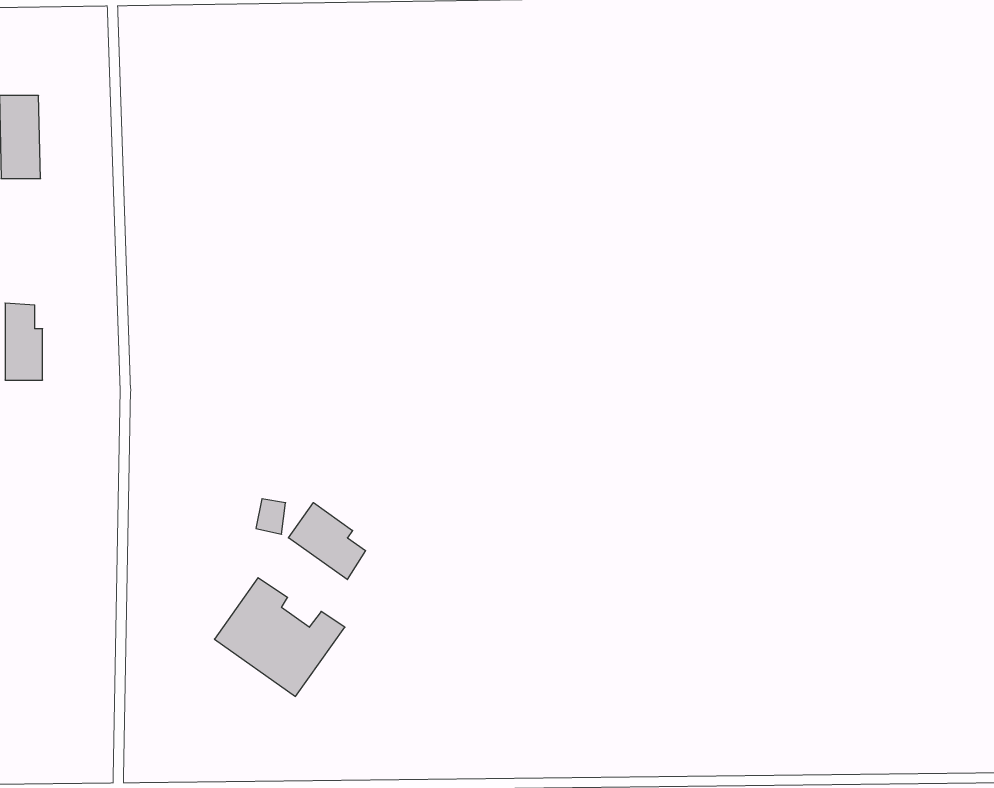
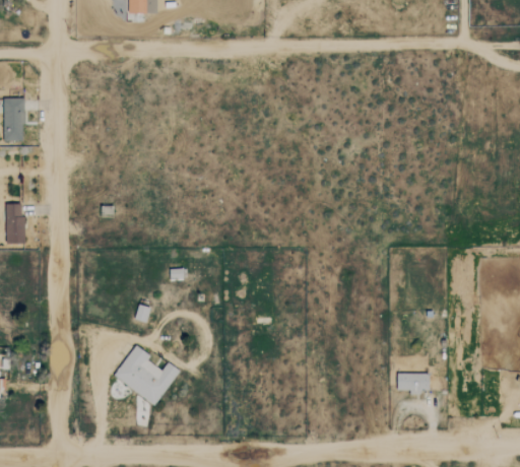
building: [288,503,366,580] -> none
building: none -> [396,374,430,395]

